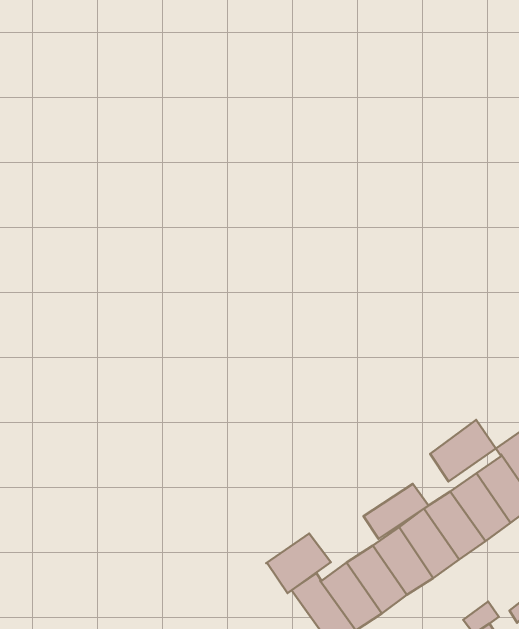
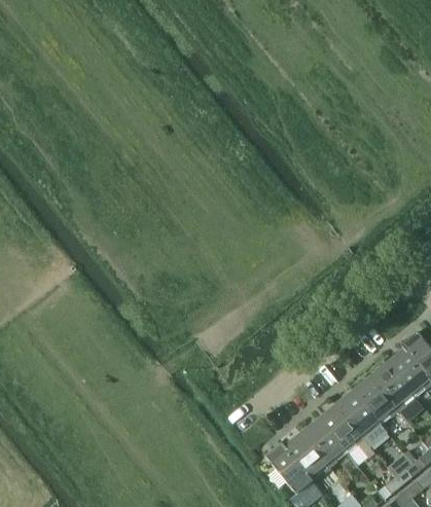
building: [430,420,496,482] -> none
building: [363,484,428,539] -> none
building: [266,533,331,593] -> none

